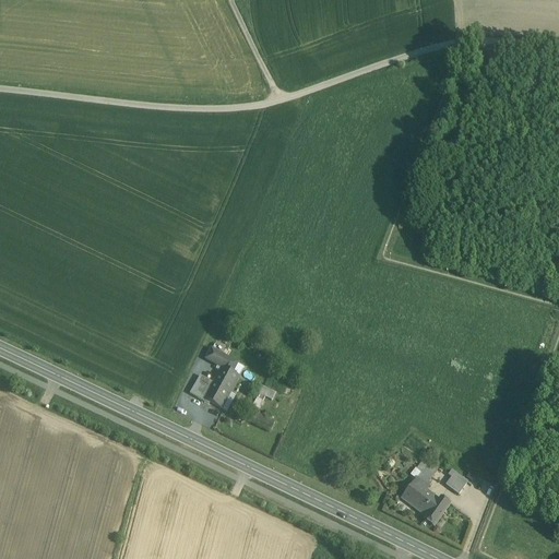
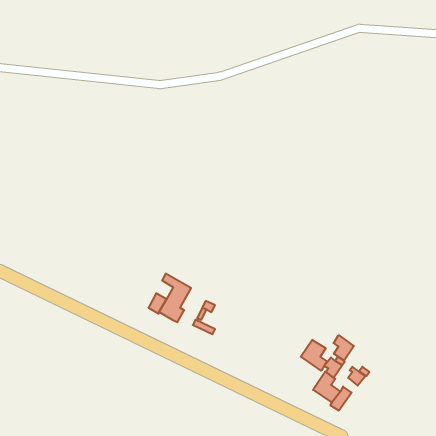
building: none -> [333,335,354,360]
building: none -> [301,340,327,371]

